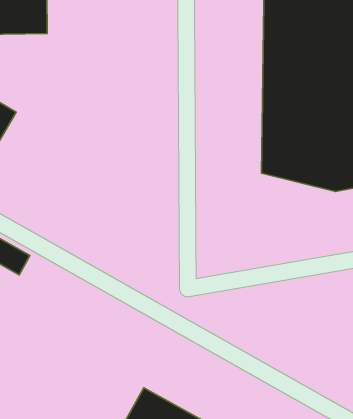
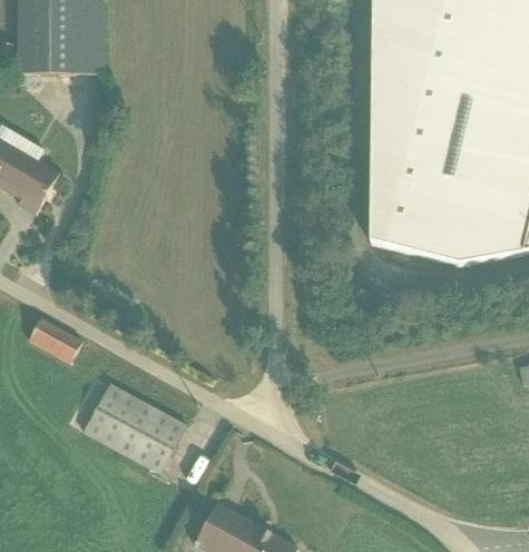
building: none -> [82,383,188,473]

